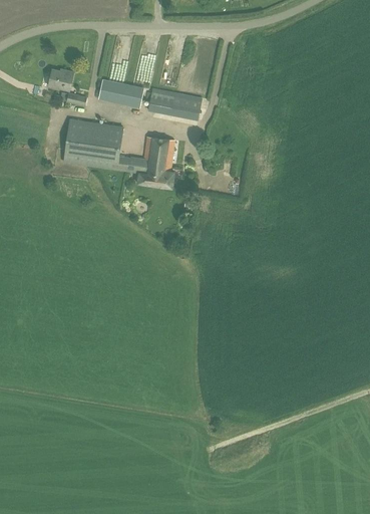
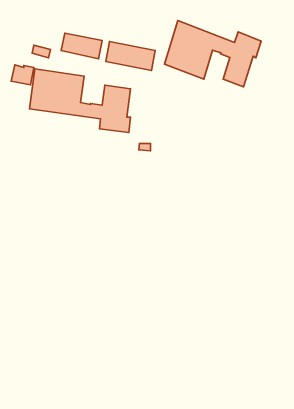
building: none -> [165,21,261,87]
building: [48,67,73,89] -> [11,65,34,85]

